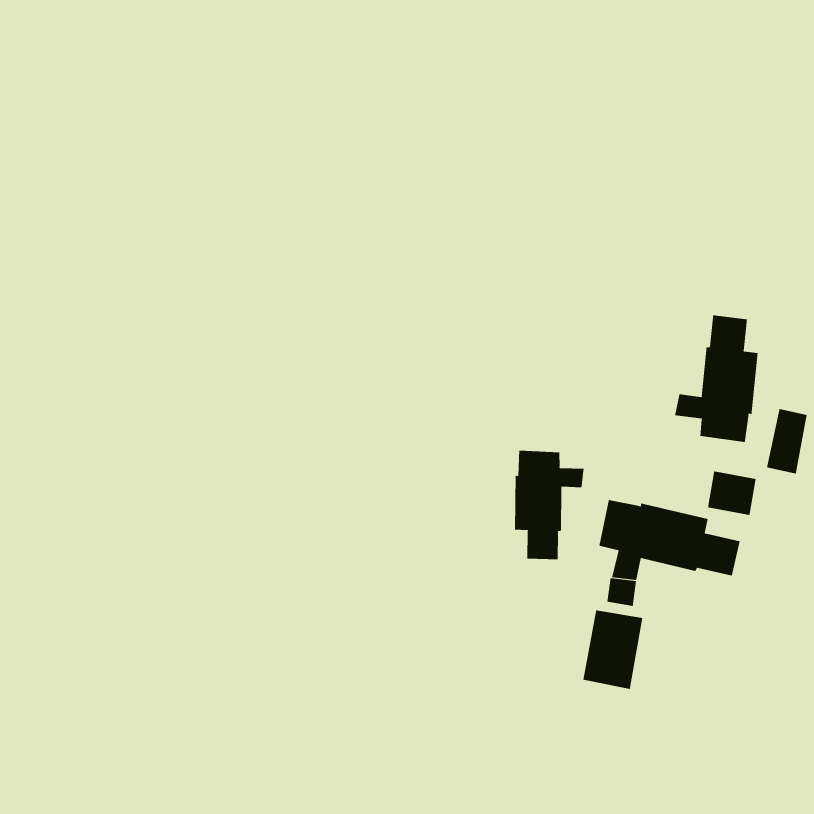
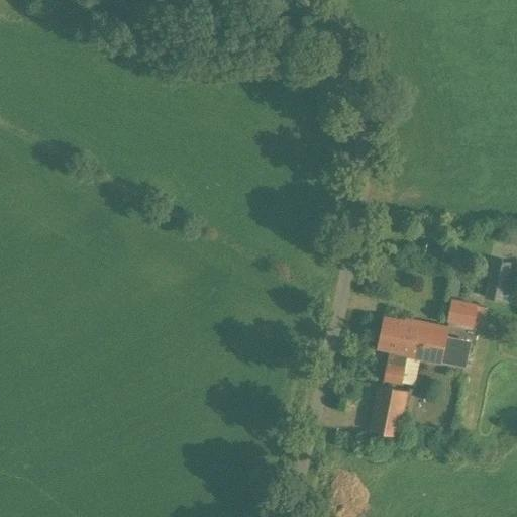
building: [674,315,758,443] -> none
building: [515,450,584,560] -> none

